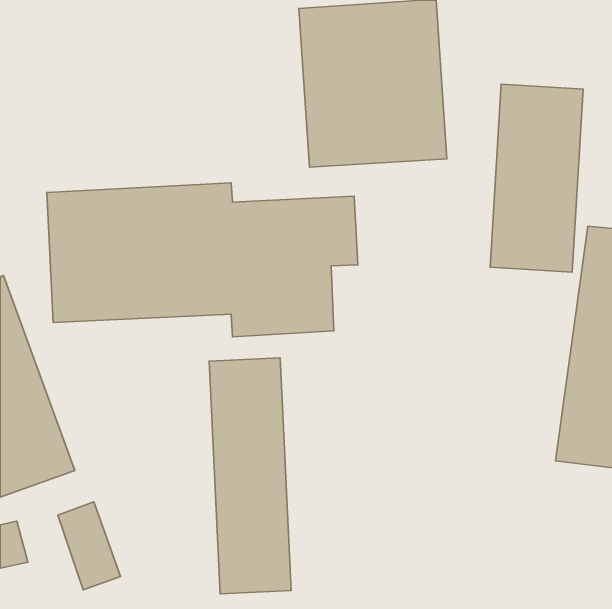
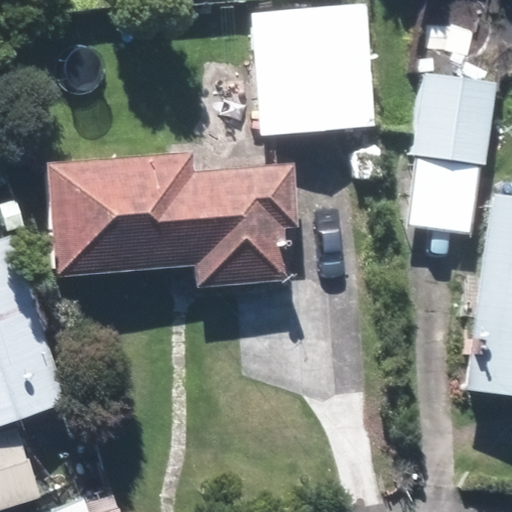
building: [209,358,291,594] -> none

